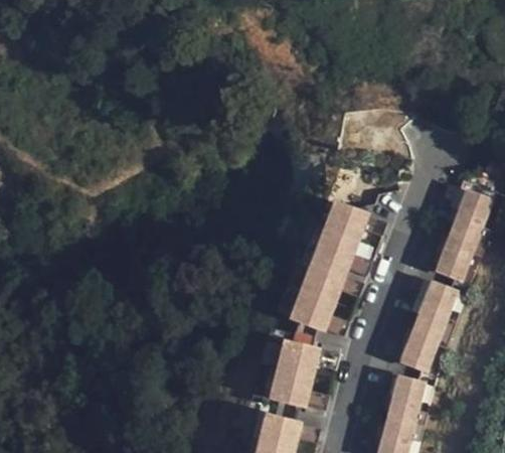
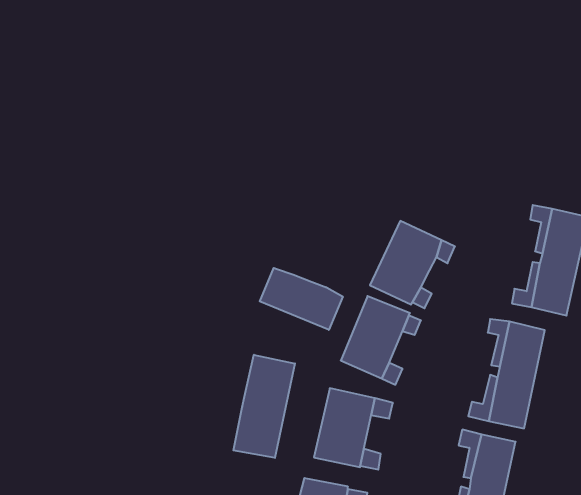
building: none -> [260,268,343,330]
building: none -> [233,355,295,458]

